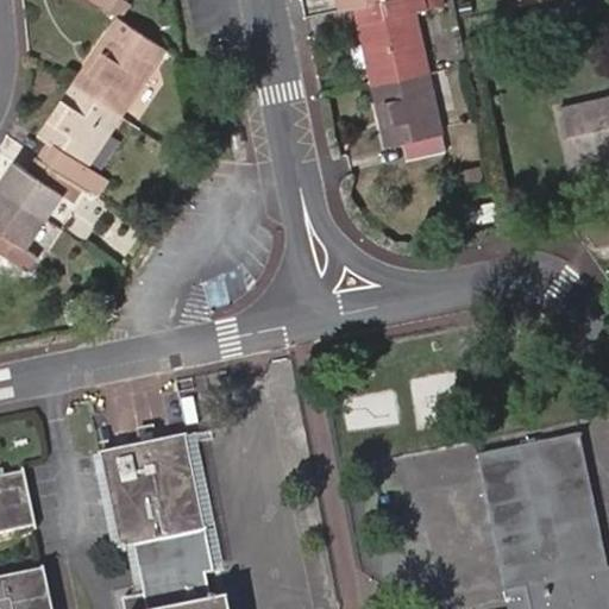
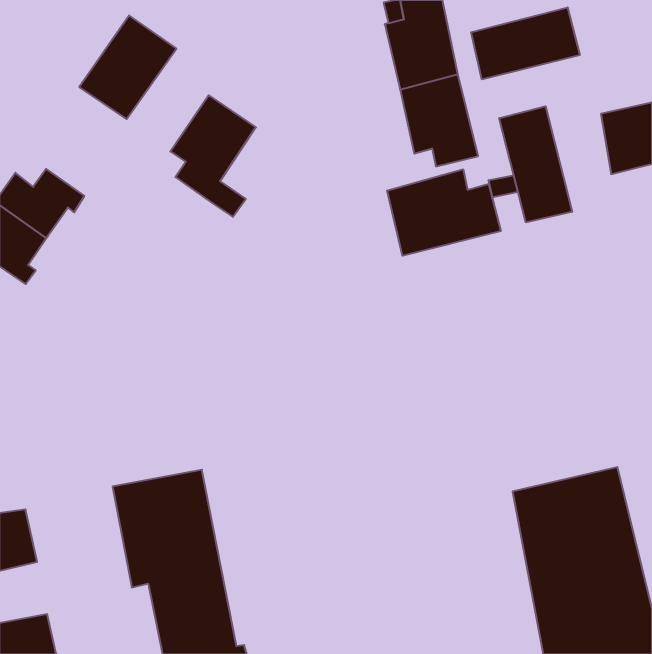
building: none -> [471,7,580,79]
building: [38,81,118,194] -> [170,95,256,217]
building: none -> [499,106,572,222]
building: none -> [387,169,501,256]

